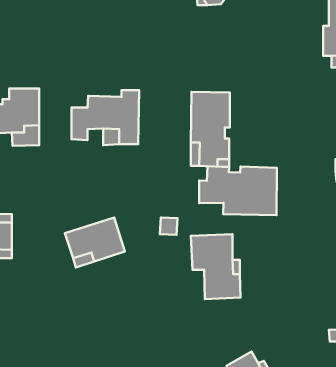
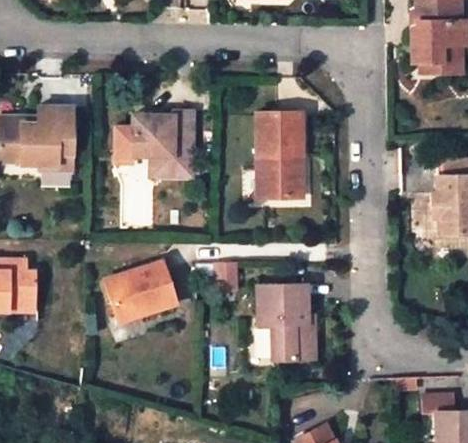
building: [199,166,277,215] -> none

